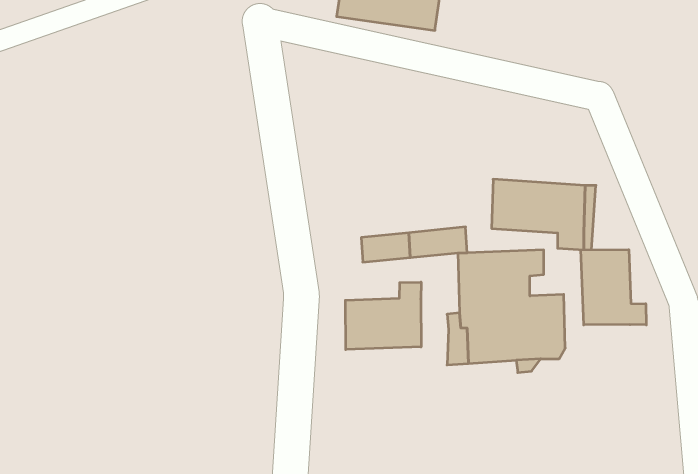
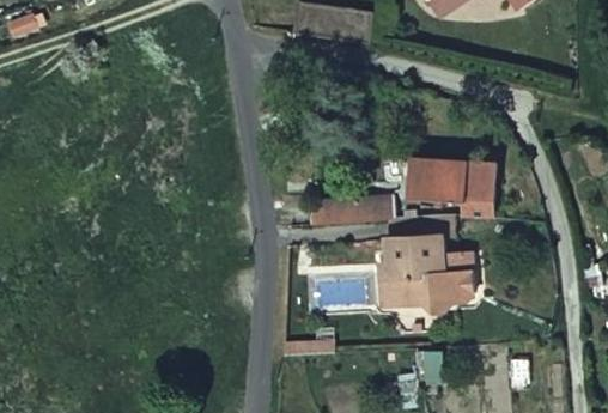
building: [581,250,646,325] -> none
building: [345,282,421,350] -> none

